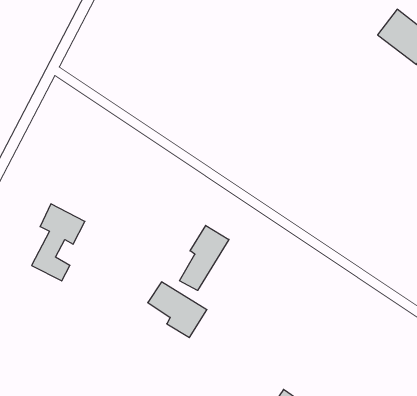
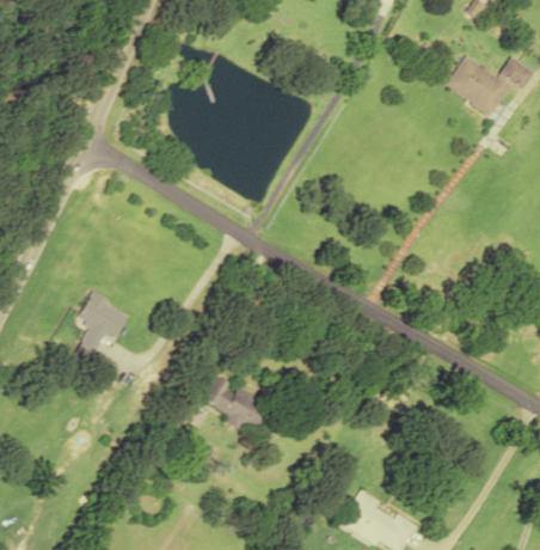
building: [180,225,229,290] -> none

